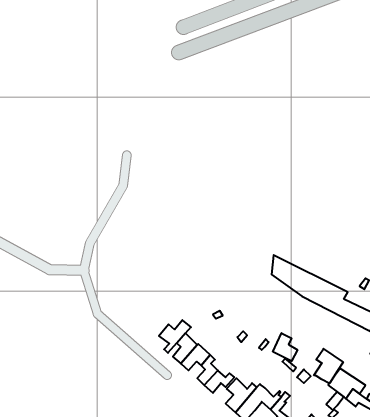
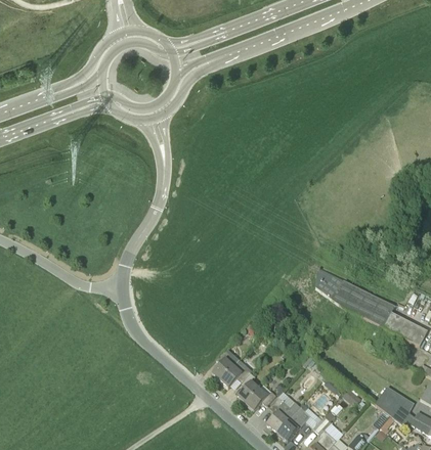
building: [159,320,191,353] -> none
building: [273,333,297,361] -> none
building: [314,349,343,383] -> none

